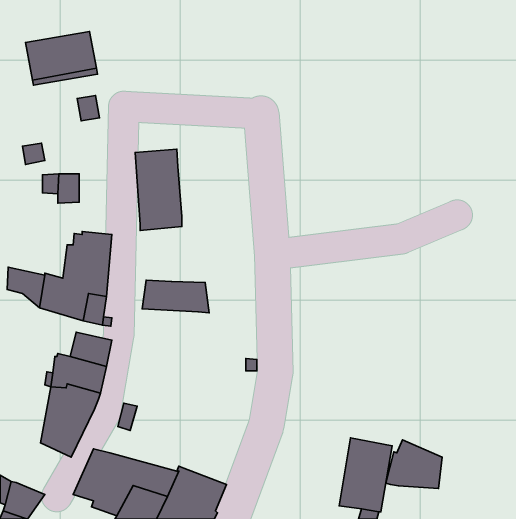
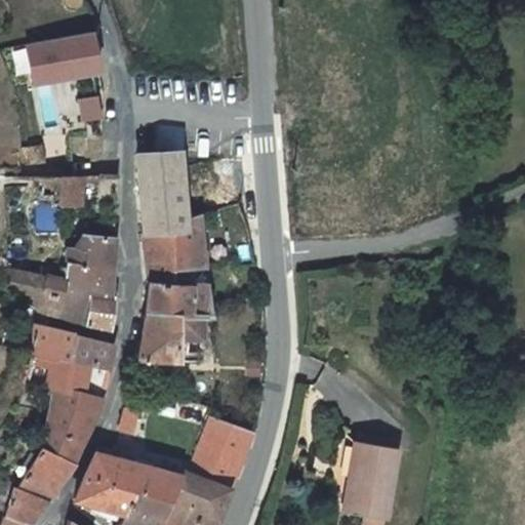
building: none -> [145,213,208,284]
building: none -> [139,312,203,361]
building: none -> [33,326,80,360]
building: none -> [189,413,255,489]
building: [386,440,442,489] -> none
building: none -> [19,447,76,499]

